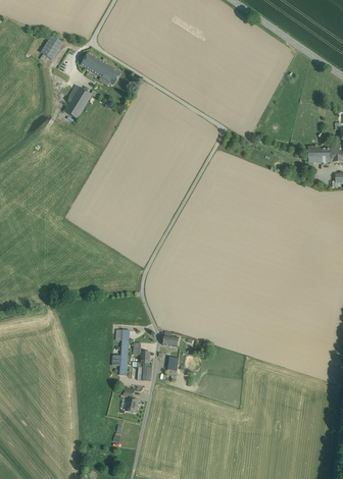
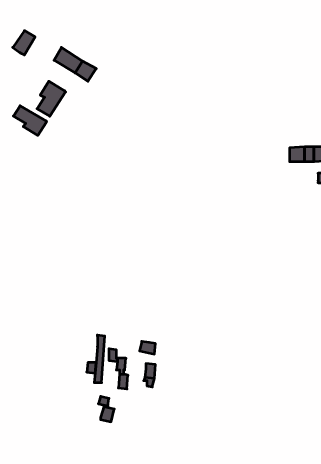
building: none -> [13,106,46,135]

